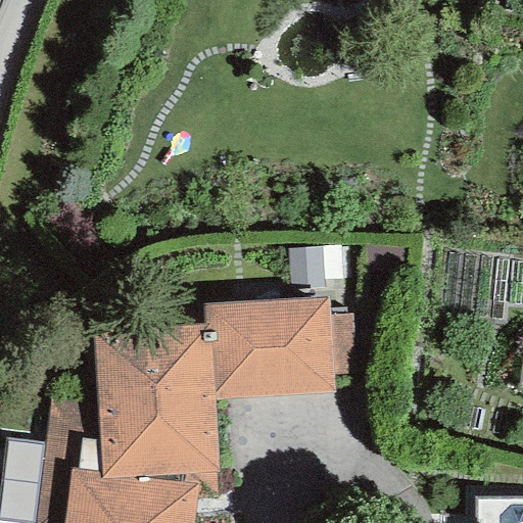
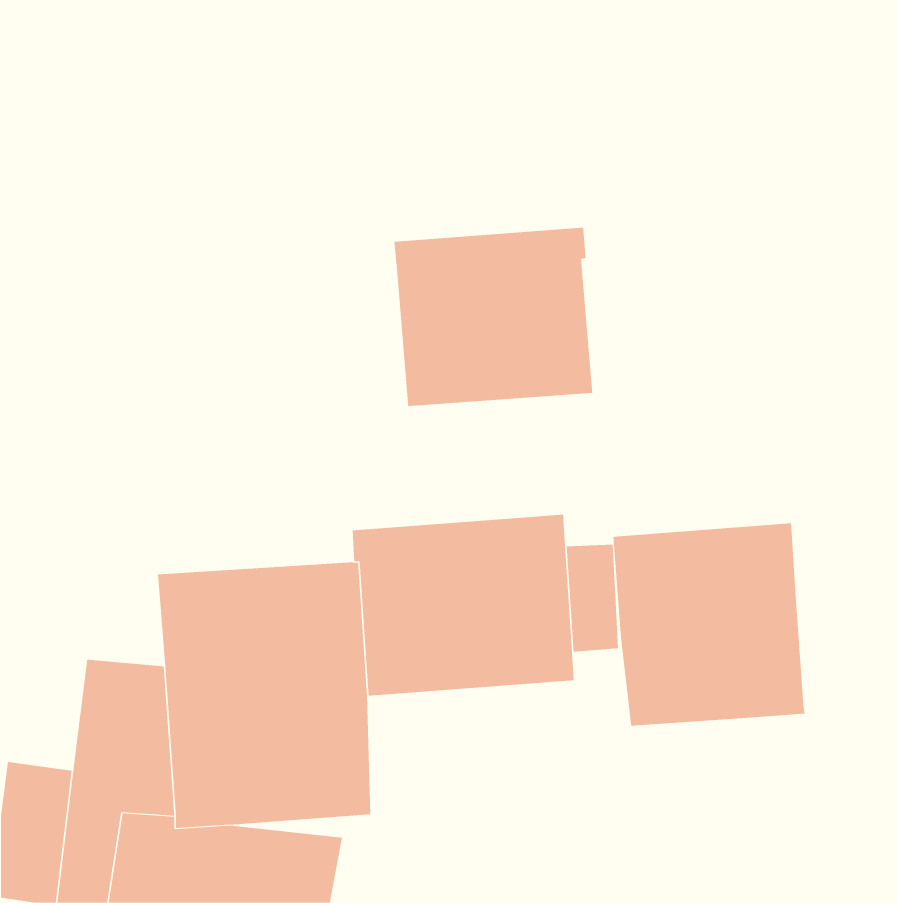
building: none -> [394,227,593,407]
building: none -> [613,522,805,726]

